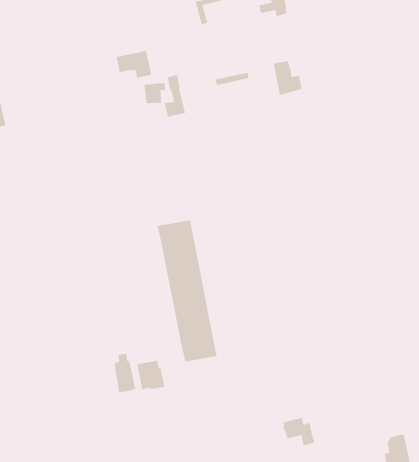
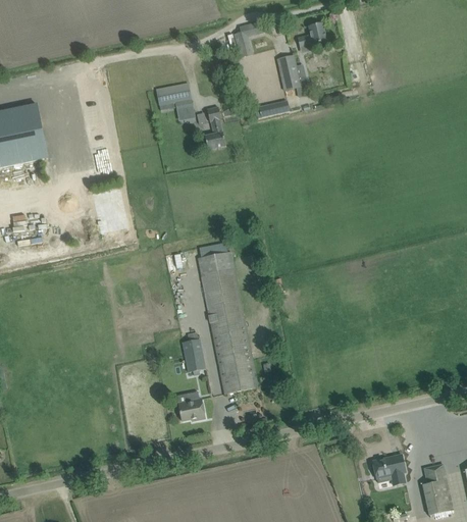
building: [273,61,303,95] -> [277,55,307,90]
building: [113,353,136,393] -> [183,331,205,371]
building: [282,417,315,446] -> [372,456,405,484]

